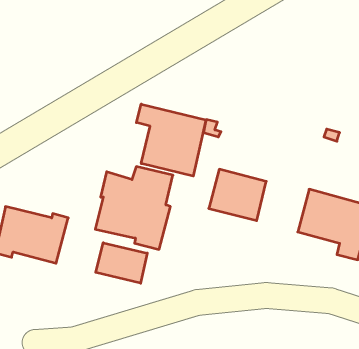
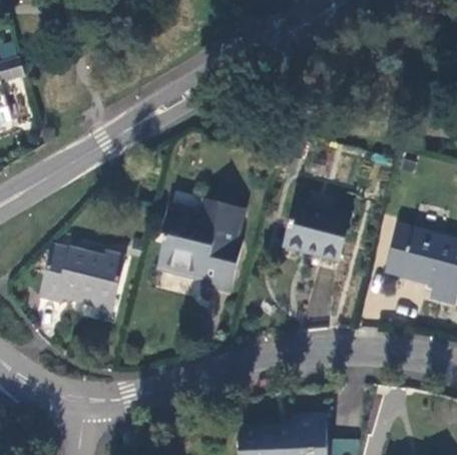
building: [136,104,206,176] -> none
building: [96,243,147,283] -> none

